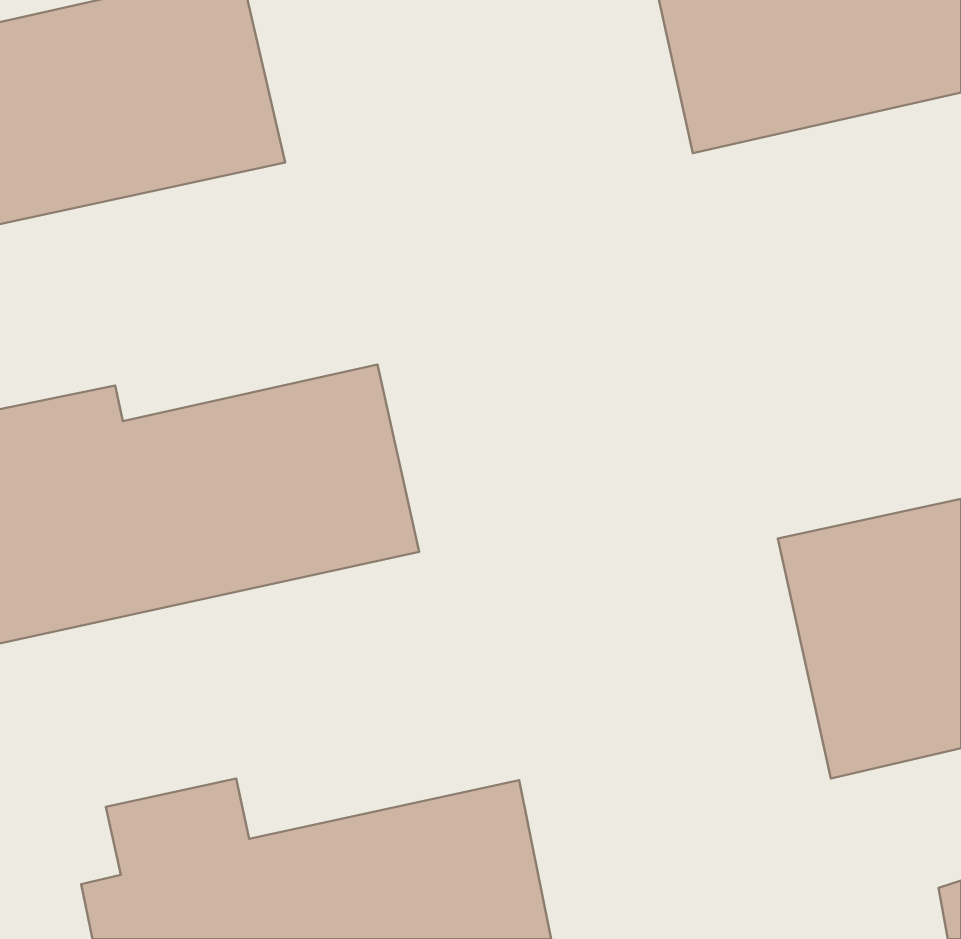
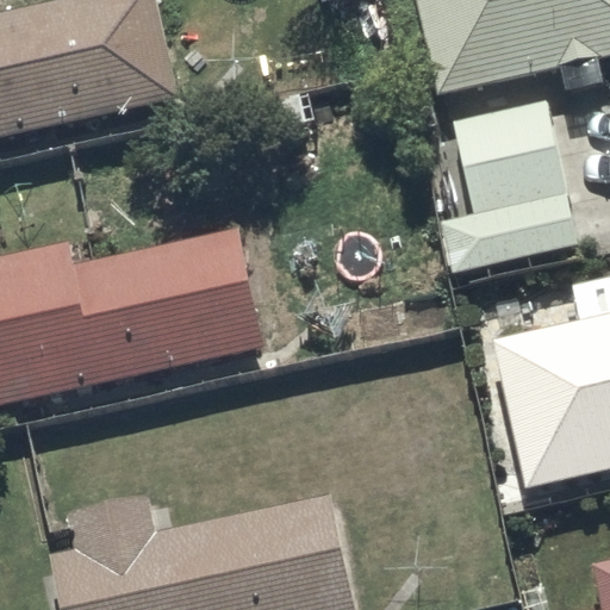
building: none -> [441,89,581,274]

